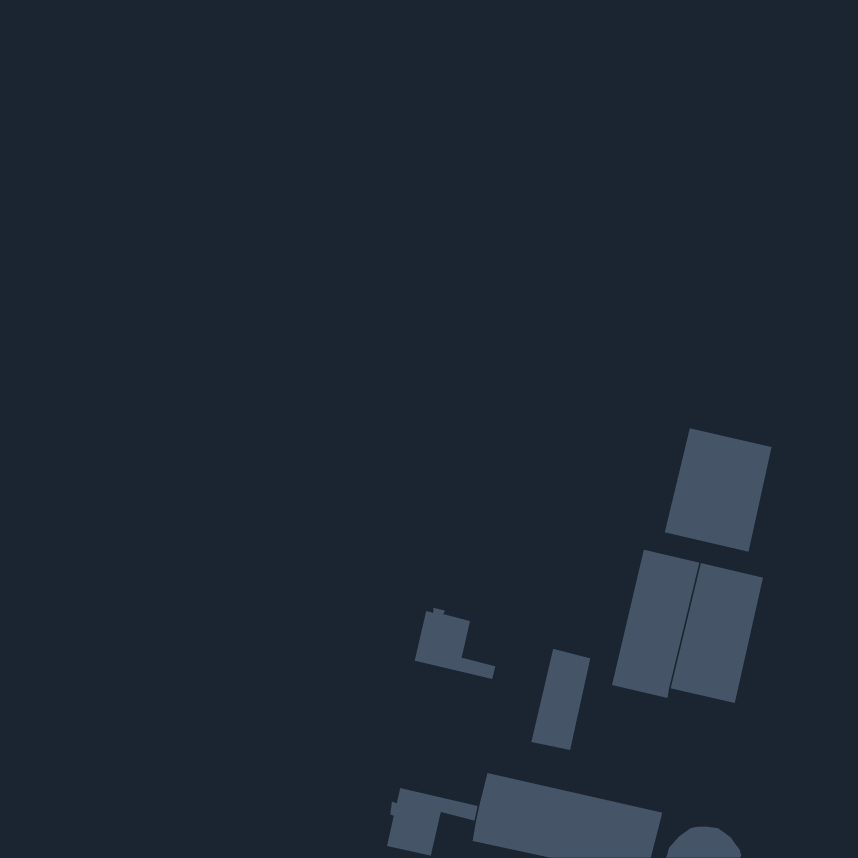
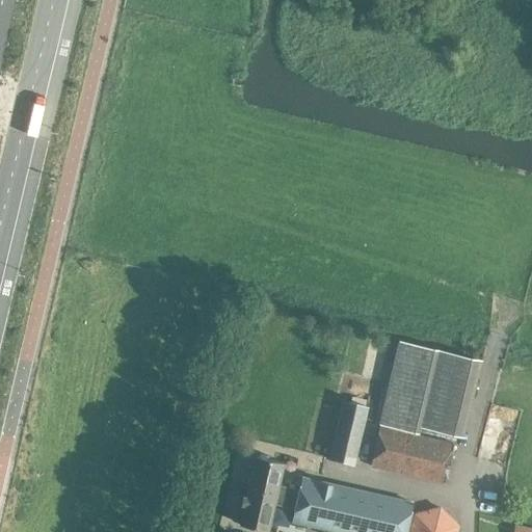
building: [664,427,772,553] -> none
building: [414,607,496,679] -> [247,454,298,499]
building: none -> [370,426,453,483]

